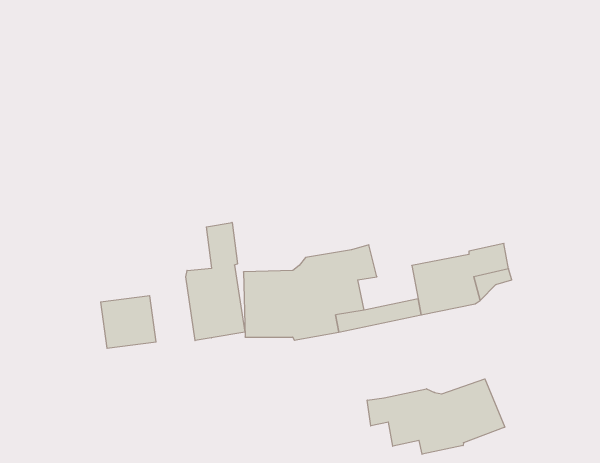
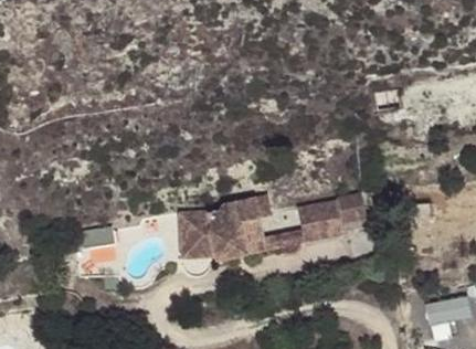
building: [186,222,245,341] -> none
building: [367,379,505,454] -> none

